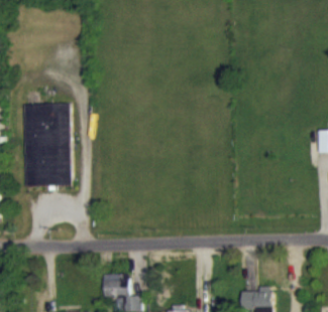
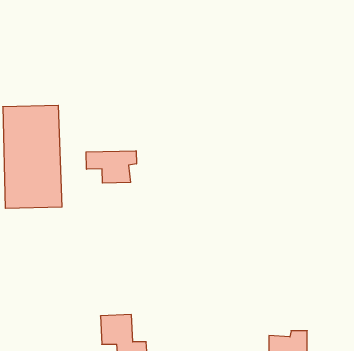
building: none -> [86,151,136,183]

